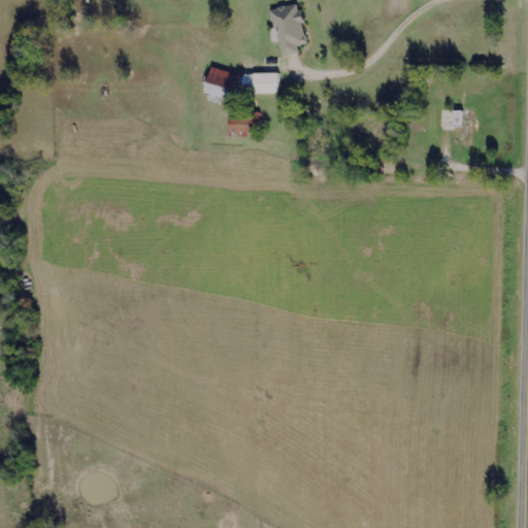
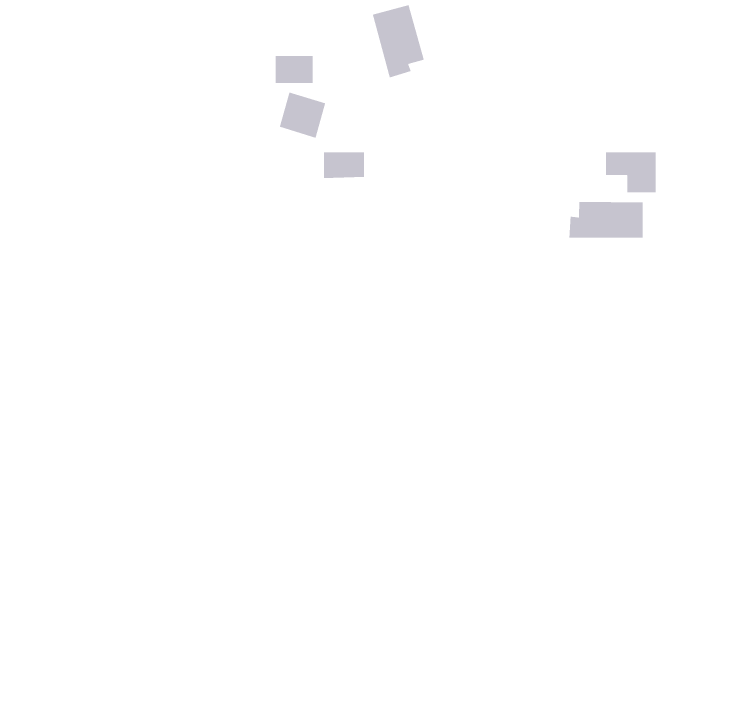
building: [250,72,277,93] -> [275,55,313,84]
building: none -> [569,201,644,239]

